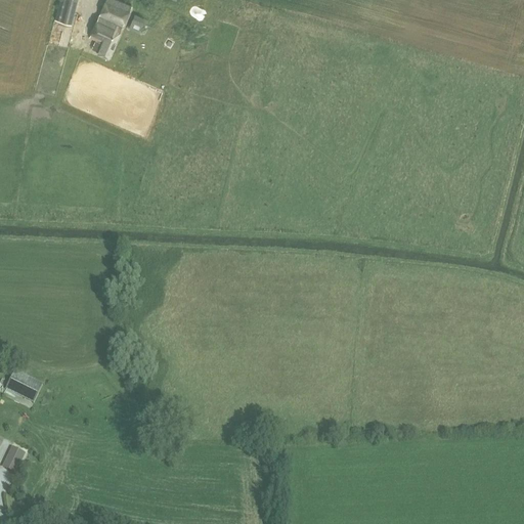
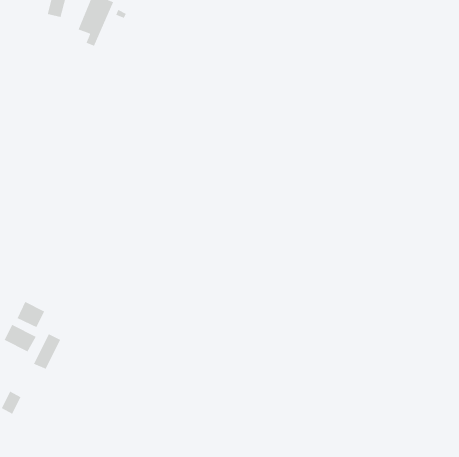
building: none -> [17,301,45,328]
building: none -> [33,333,61,370]

